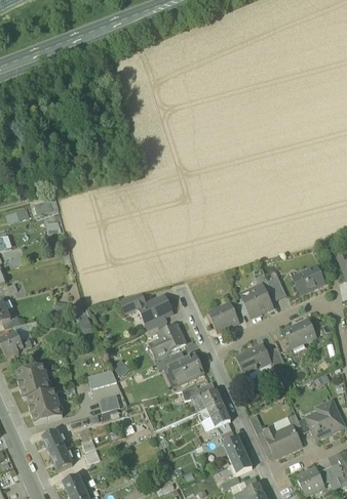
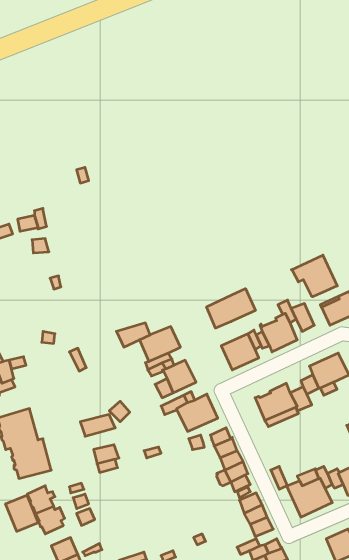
building: none -> [291,255,337,297]
building: none -> [207,289,255,328]
building: none -> [6,495,38,531]

